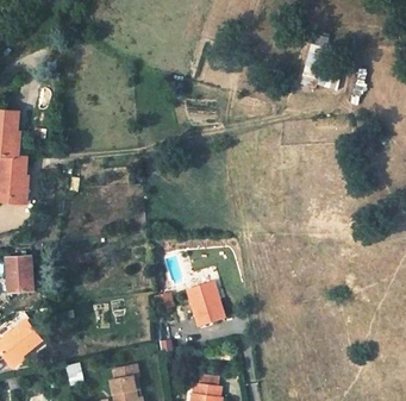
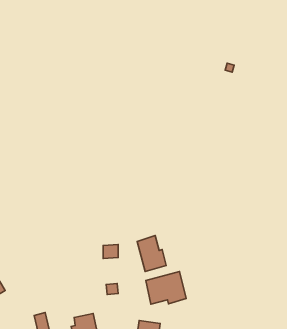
building: none -> [146,272,186,304]

